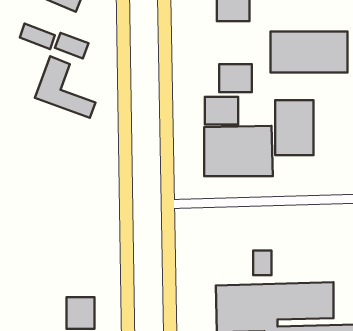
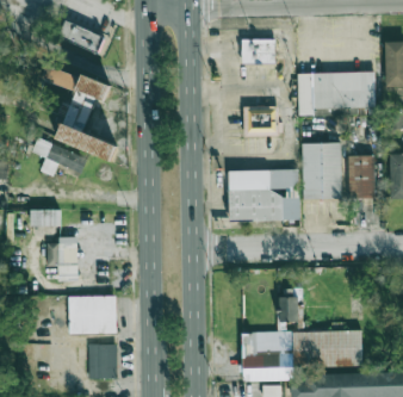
building: none -> [32,138,87,175]
building: [205,97,238,125] -> none
building: none -> [347,155,374,198]
building: none -> [30,209,61,227]
building: none -> [48,236,78,280]
building: none -> [68,296,117,334]

